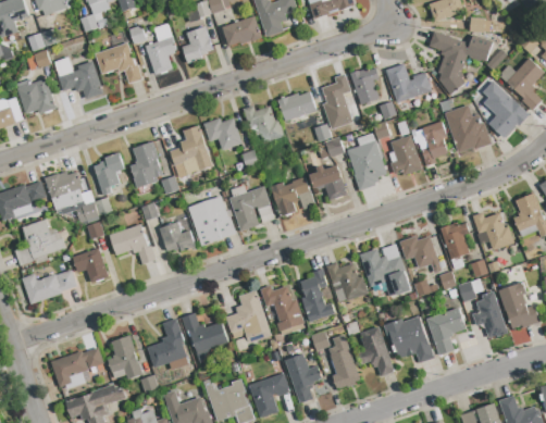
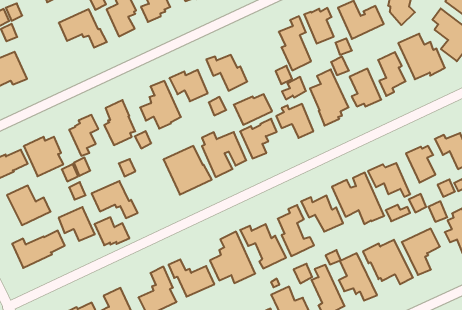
building: [53,58,102,99] -> none
building: [277,92,317,122] -> [234,94,272,125]
building: [160,223,195,251] -> [94,217,129,245]

